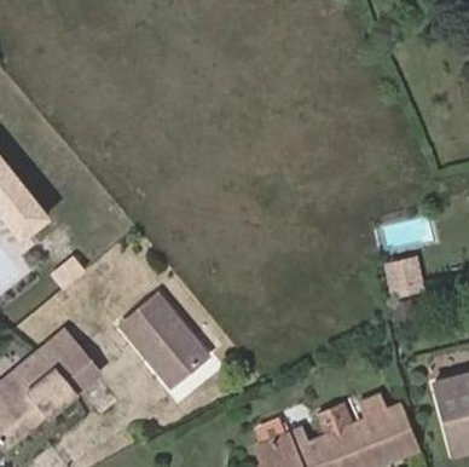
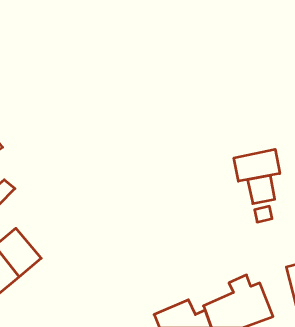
building: none -> [234,149,280,181]
building: [122,294,208,384] -> none

